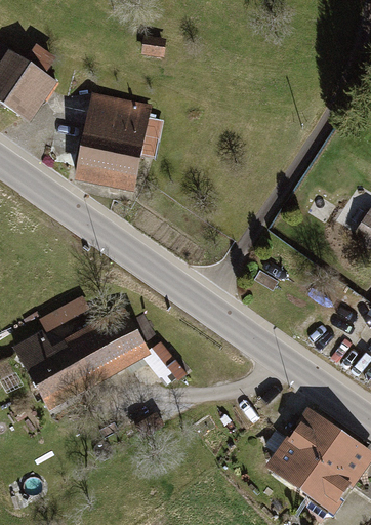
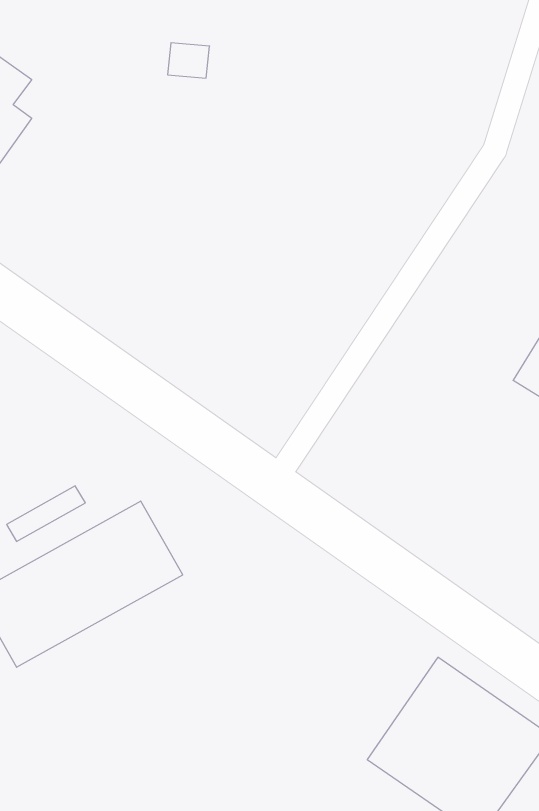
building: [75,89,163,191] -> none

